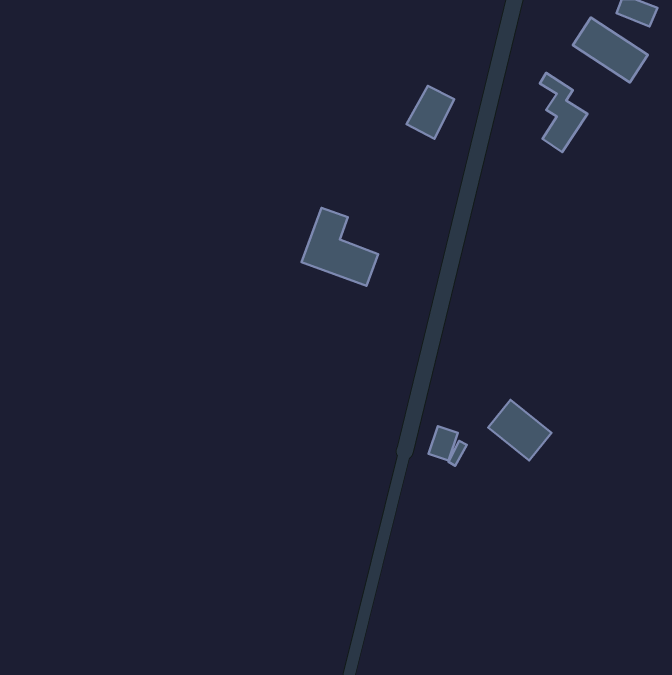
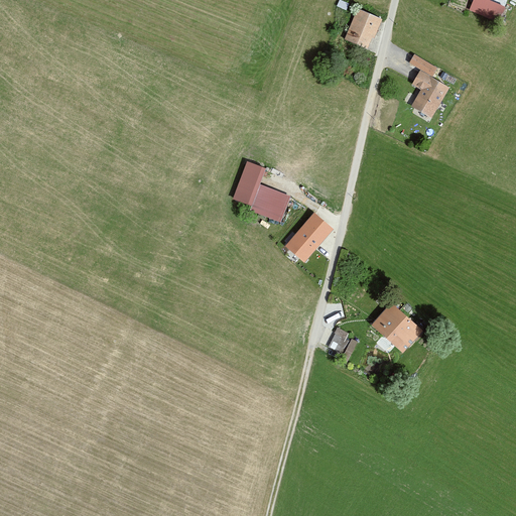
building: [573,18,648,83] -> none
building: [407,86,454,139] -> [344,9,380,49]
building: none -> [286,215,329,259]

